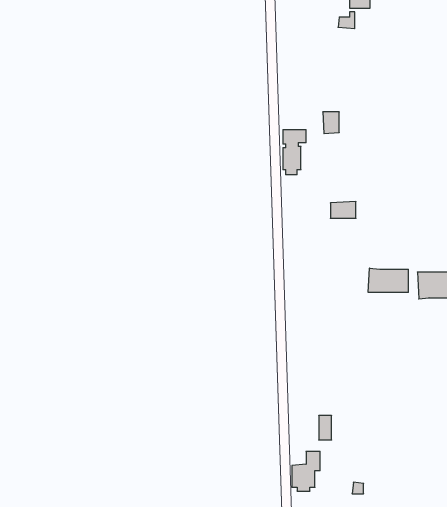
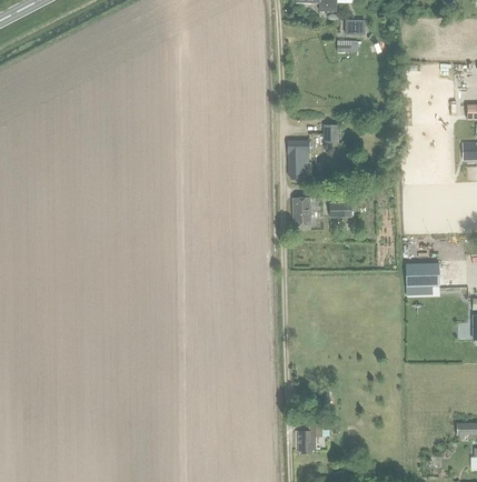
building: none -> [292,197,310,225]
building: [368,268,408,292] -> none

